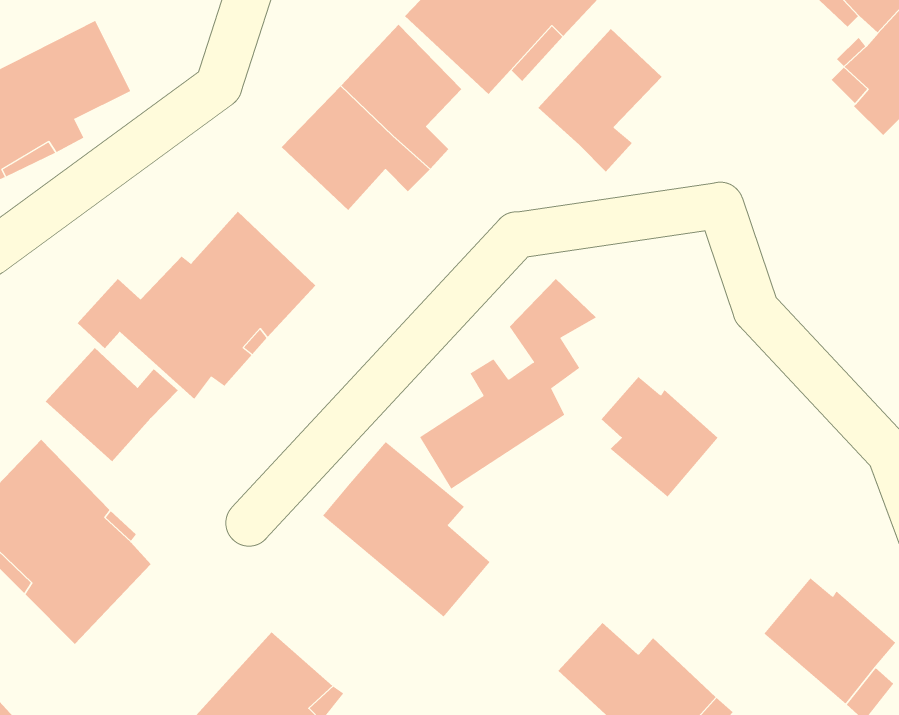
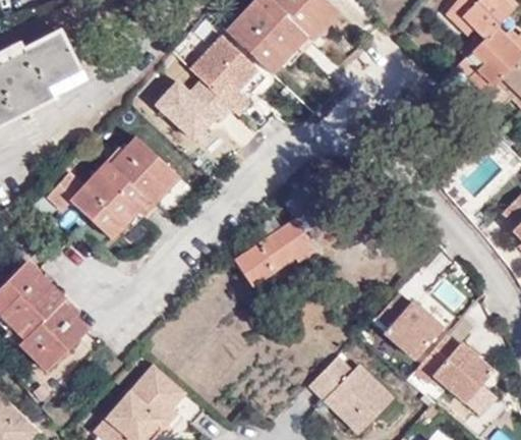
building: [538,28,663,173] -> none
building: [45,347,179,462] -> none
building: [601,376,718,498] -> [379,293,443,360]
building: [322,441,491,618] -> none

